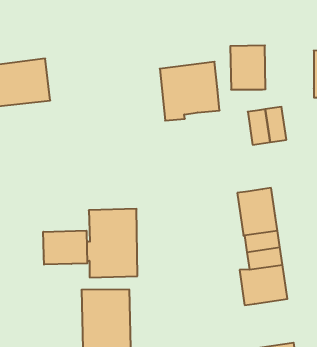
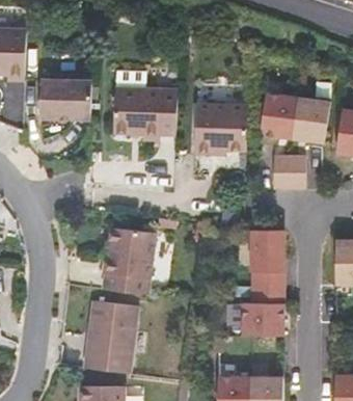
building: none -> [291,98,328,142]
building: none -> [112,88,175,140]
building: [43,231,87,265] -> none

